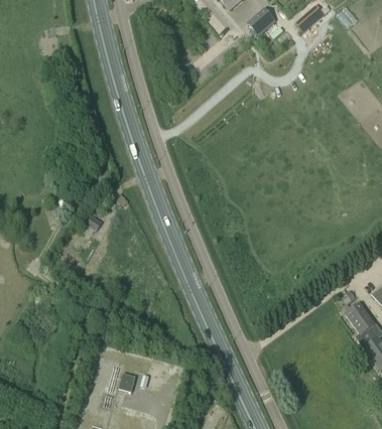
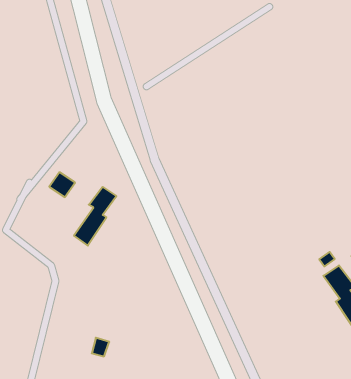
building: none -> [74,187,116,246]

